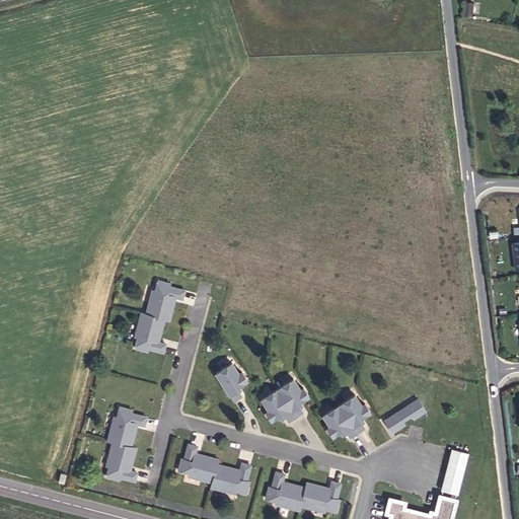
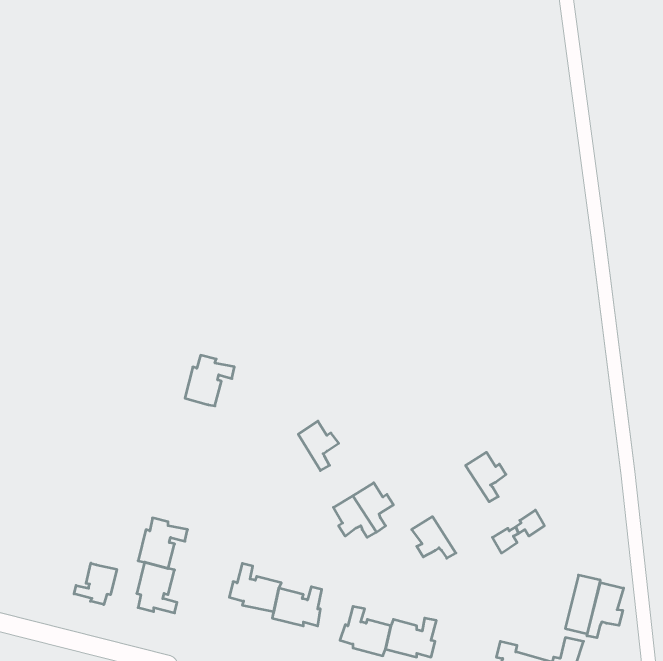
building: [133,312,163,351] -> none
building: [214,362,245,400] -> [298,421,339,471]
building: [337,395,368,434] -> [466,452,506,502]
building: none -> [74,563,117,605]
building: none -> [587,582,624,638]

